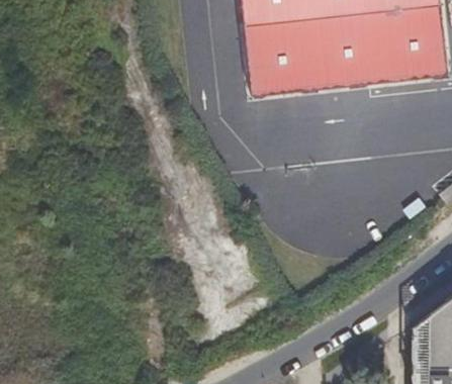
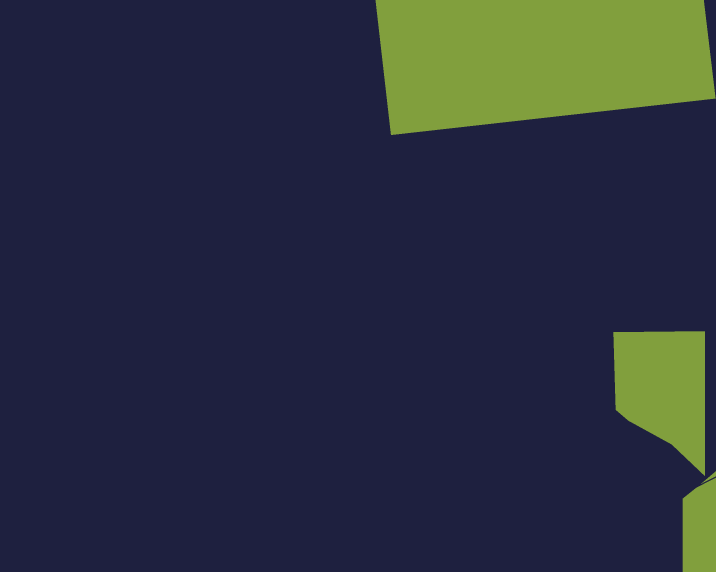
building: none -> [613,330,706,478]

